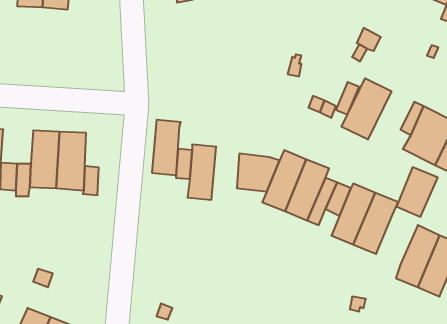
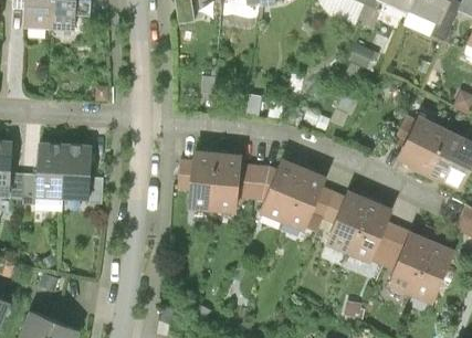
building: [341,78,391,140] -> none
building: [152,120,181,175] -> [212,158,240,211]
building: [396,167,438,217] -> [370,223,410,271]

